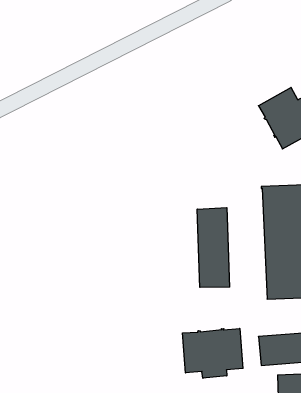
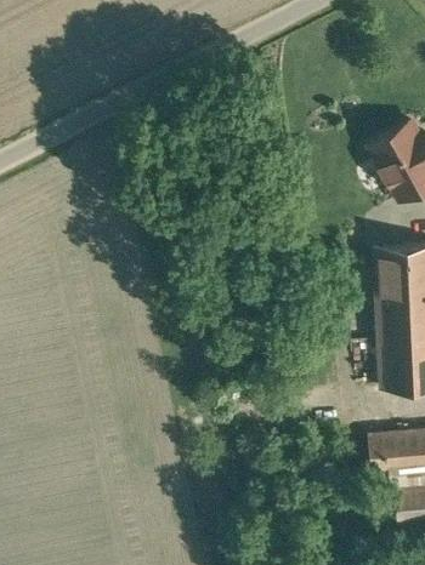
building: [197,208,230,287] -> none
building: [183,328,243,378] -> none

